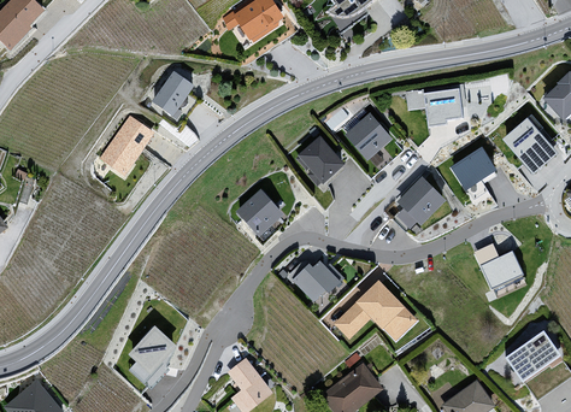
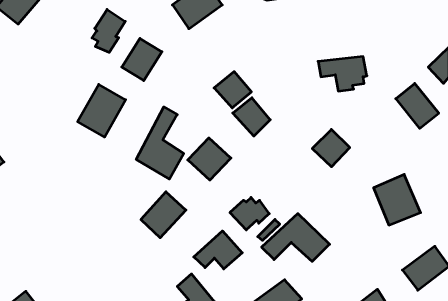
building: none -> [92,9,125,52]
building: [343,114,390,160] -> [214,72,251,108]
building: [447,146,494,194] -> none
building: none -> [136,107,184,179]
building: none -> [194,231,242,269]
building: [120,325,177,383] -> [141,192,186,238]

